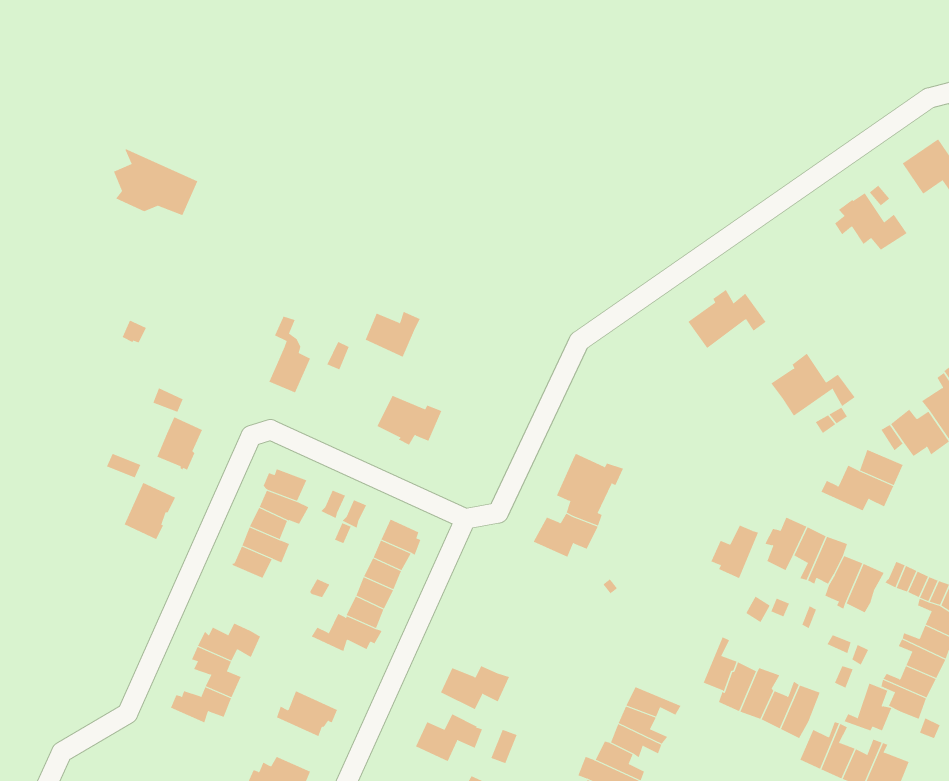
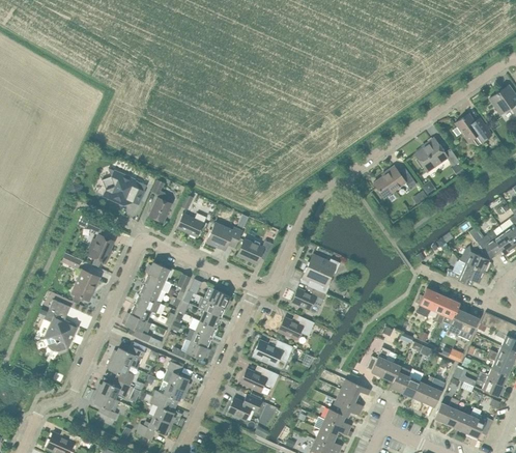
building: [113,148,198,216] -> [102,168,147,204]
building: [365,311,421,357] -> [177,213,207,237]
building: [770,353,855,416] -> [414,138,460,172]
building: none -> [237,239,273,264]
building: [710,525,759,579] -> [367,348,393,377]
building: none -> [45,300,77,355]
building: none -> [124,312,152,342]
building: none -> [279,316,314,339]
building: none -> [253,340,293,369]
building: none -> [163,361,191,392]
building: none -> [93,391,119,420]
building: none -> [150,396,176,425]

